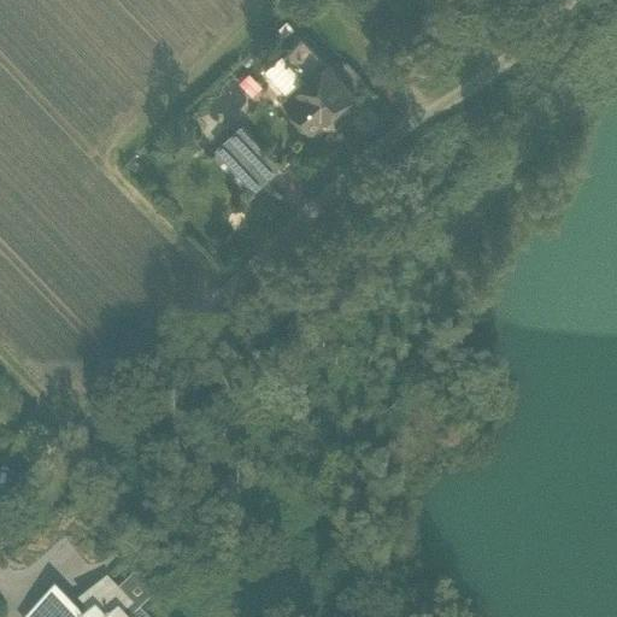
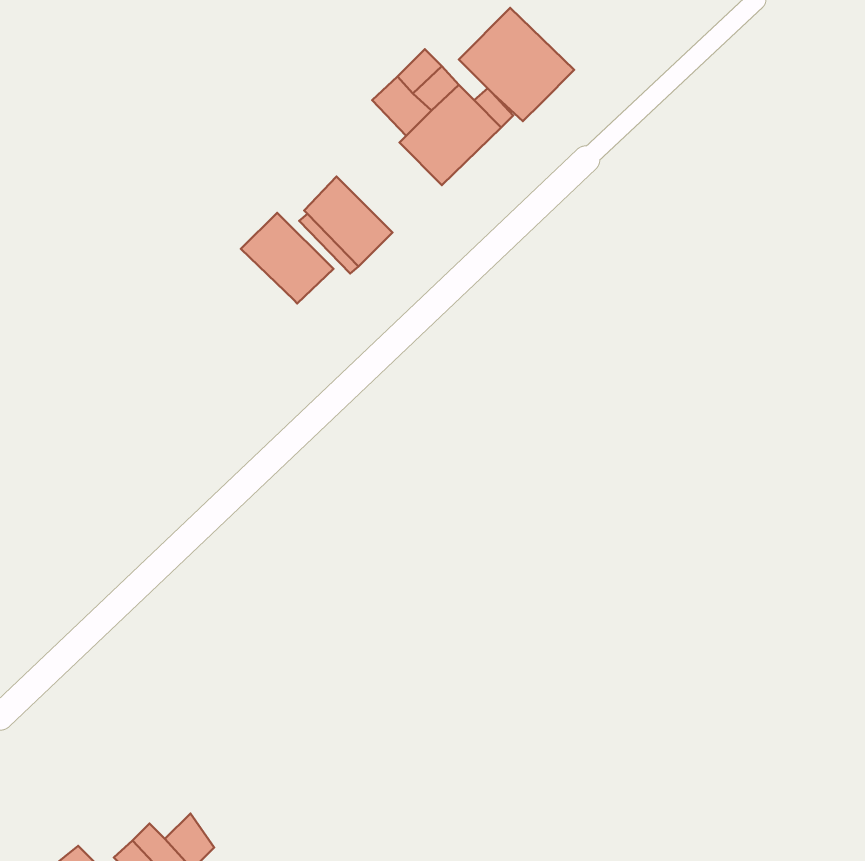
building: none -> [459,8,574,121]
building: none -> [241,213,333,303]

